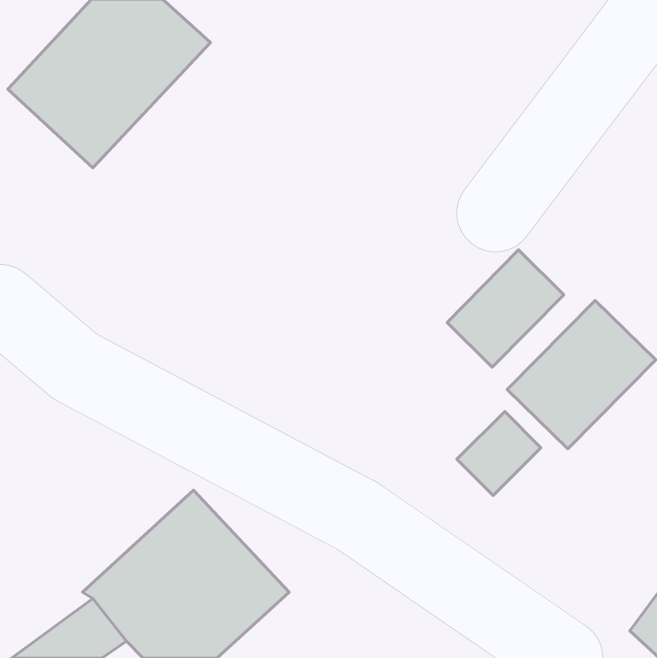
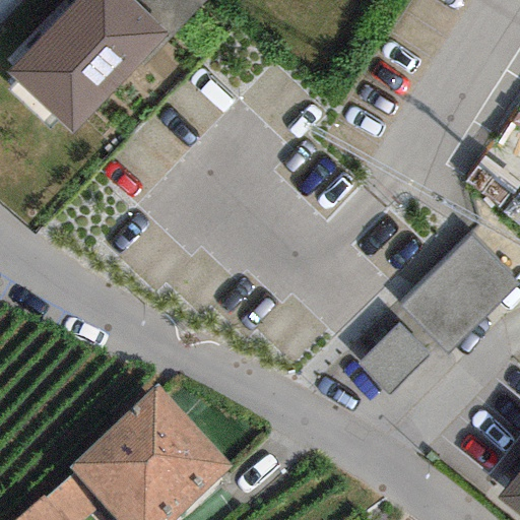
building: [447,250,564,367] -> none

